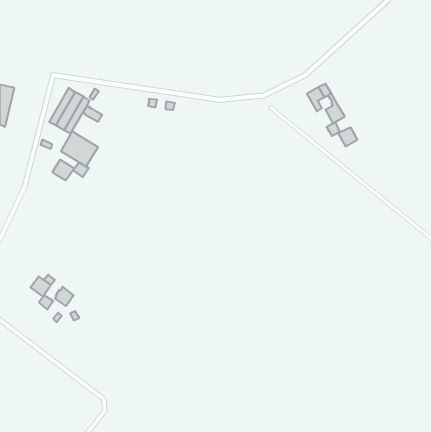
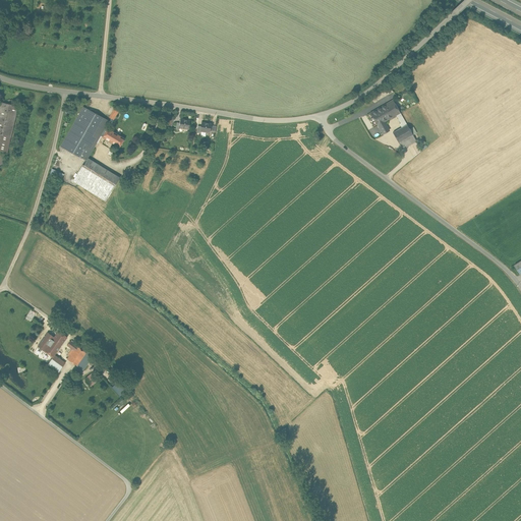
building: [327,122,357,147] -> none
building: [53,160,89,181] -> none

